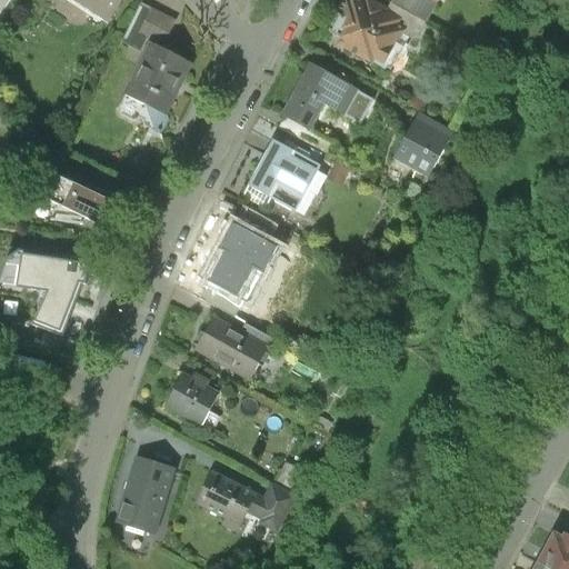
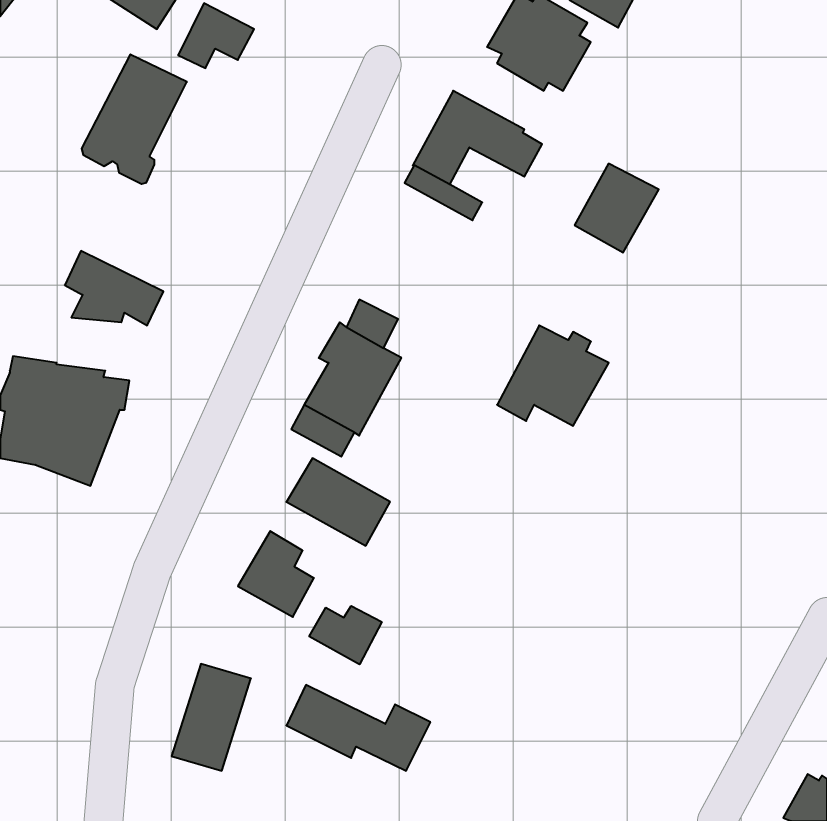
building: [118,41,190,130] -> [82,54,187,184]
building: [243,138,320,207] -> [497,325,609,426]
building: none -> [309,606,382,664]

